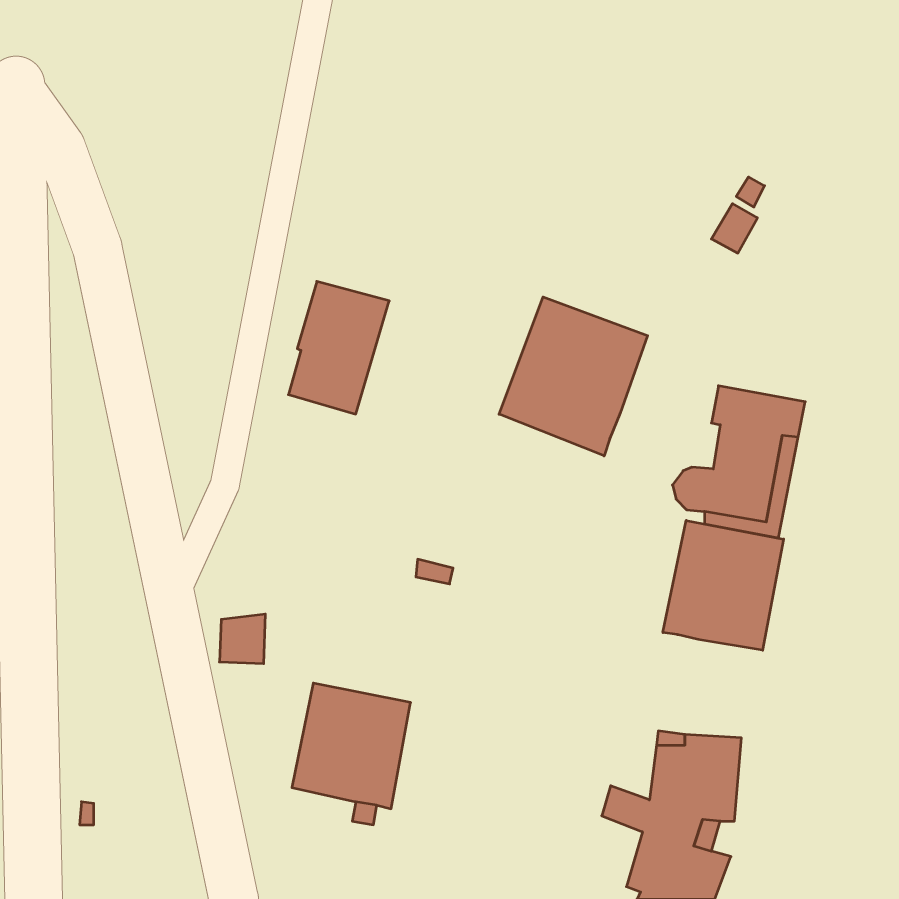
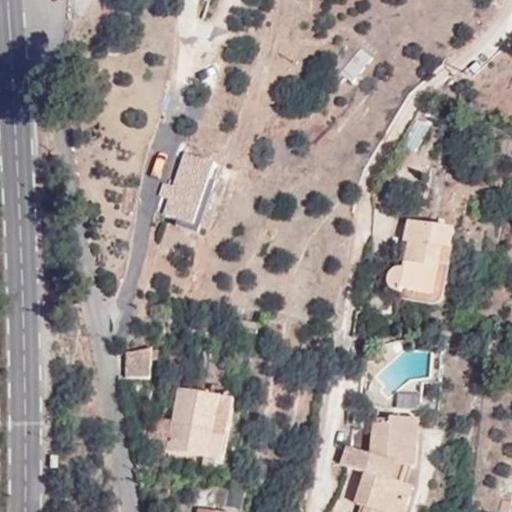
building: [499,297,648,456] -> none
building: [663,520,784,650] -> none

